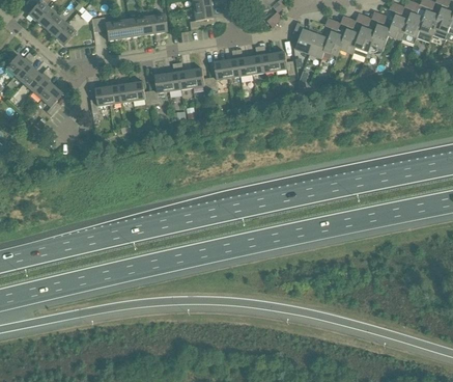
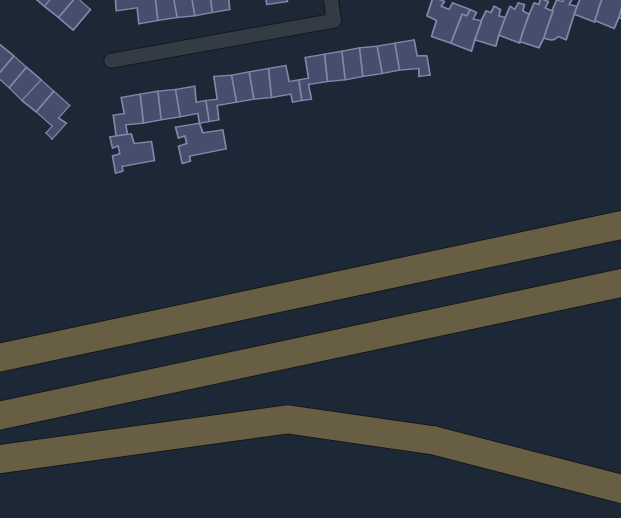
building: none -> [175,123,226,163]
building: none -> [110,134,154,173]

